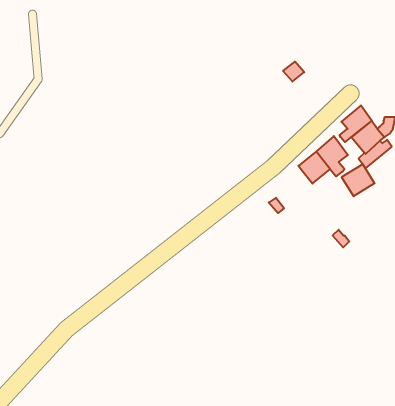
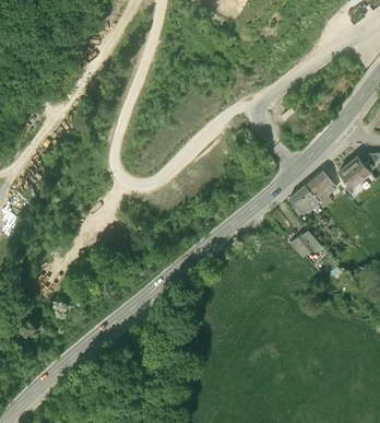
building: [340,105,372,142] -> none
building: [342,164,375,196] -> [289,231,320,260]

